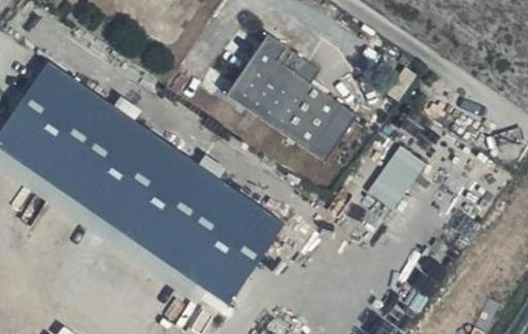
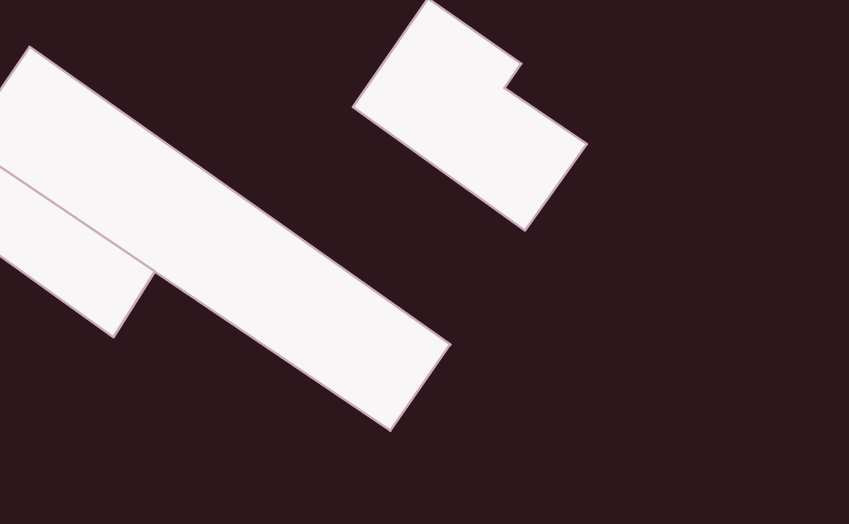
building: [367,147,425,208] -> none
building: [96,182,249,307] -> none

